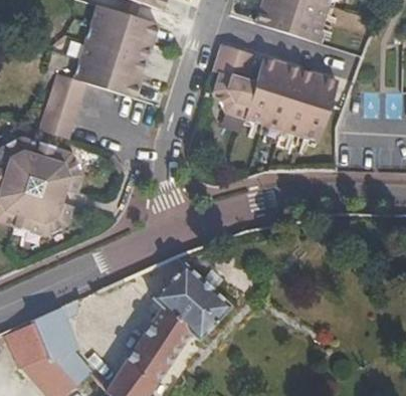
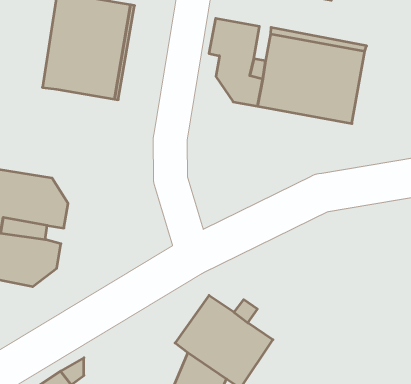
building: [39,73,85,138] -> none

